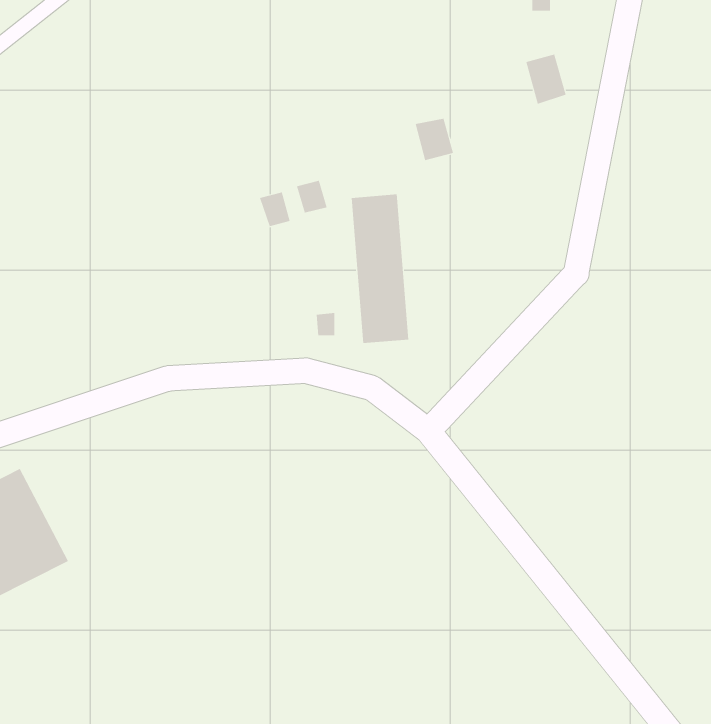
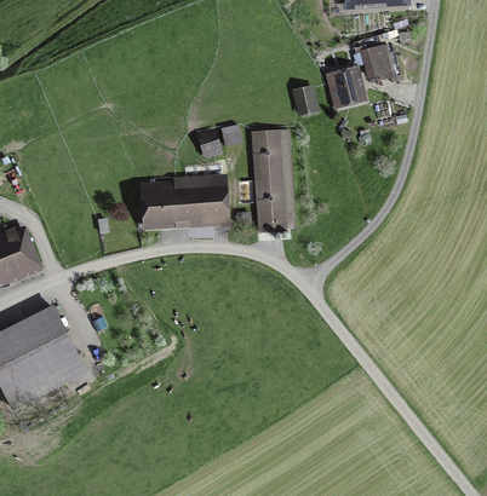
building: none -> [331,71,365,106]
building: none -> [149,181,227,225]

